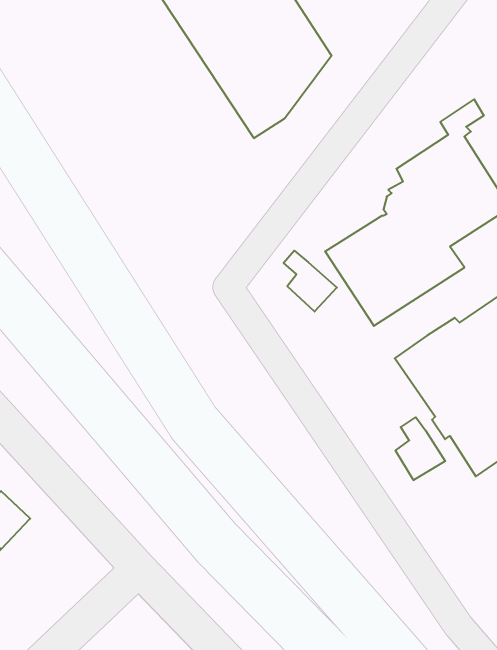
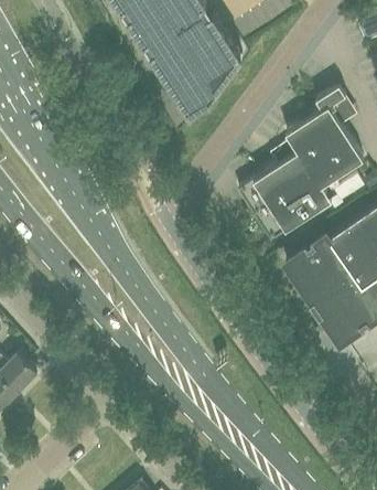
building: [284,251,337,312] -> none
building: [396,417,445,480] -> none

